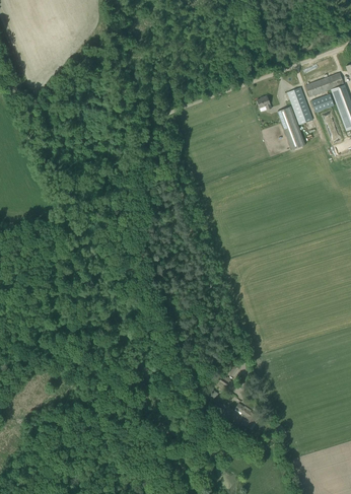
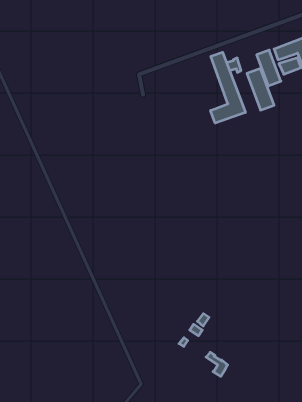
building: none -> [211,52,245,123]

